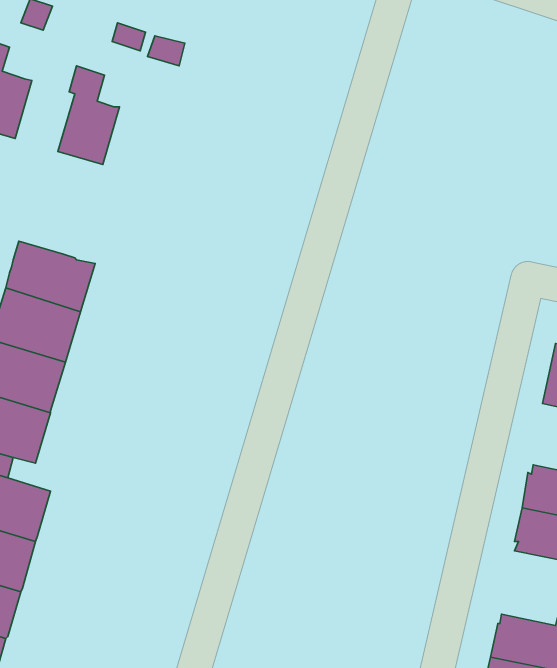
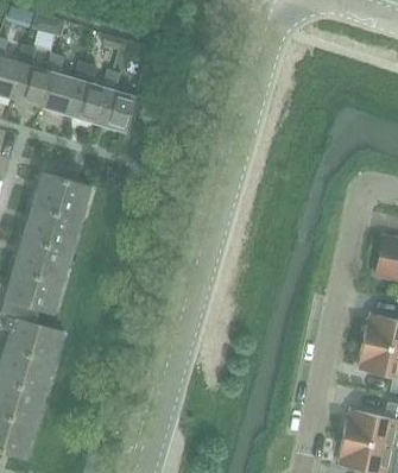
building: none -> [40,52,78,115]
building: none -> [96,70,137,132]

